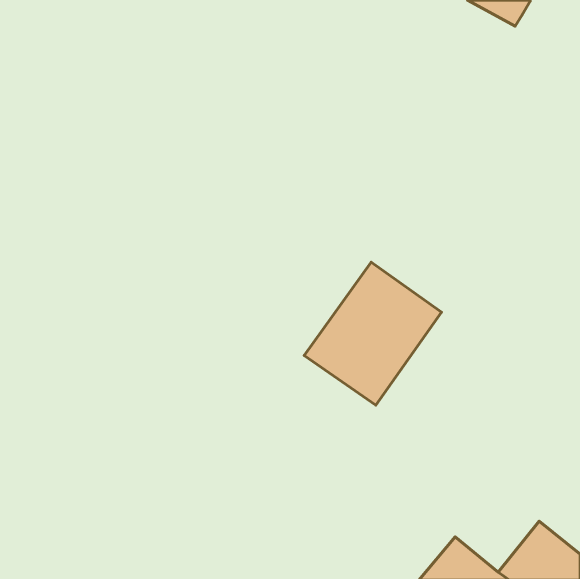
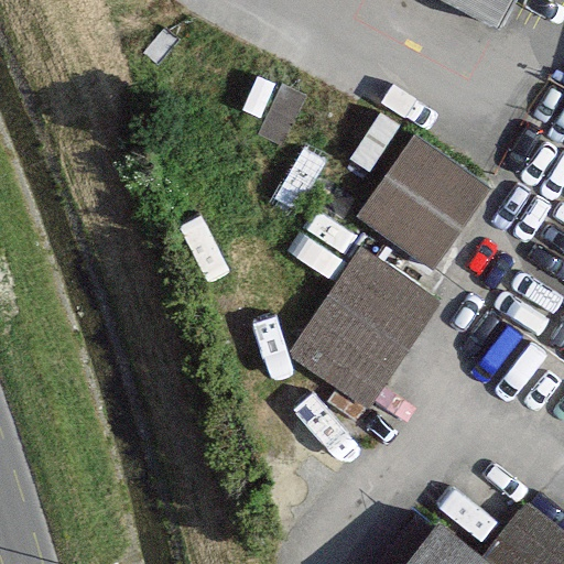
building: none -> [365,141,480,258]

